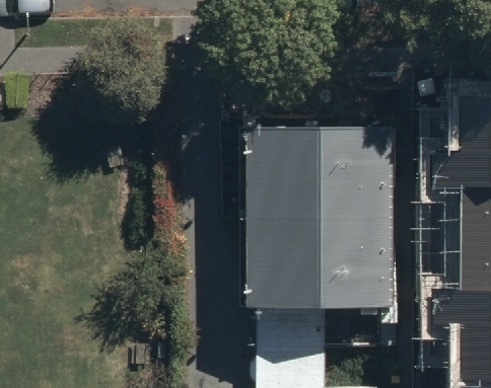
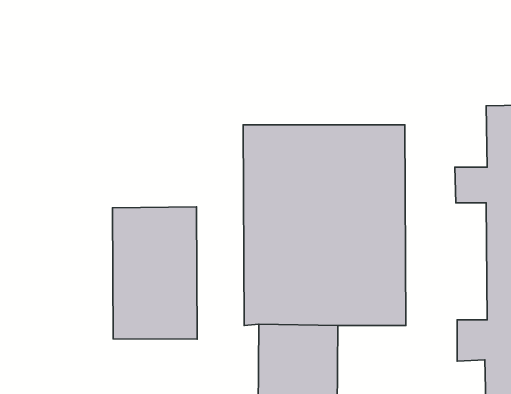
building: none -> [112,207,197,339]

